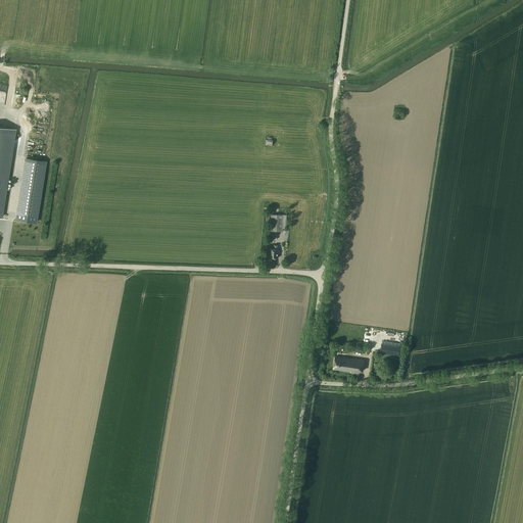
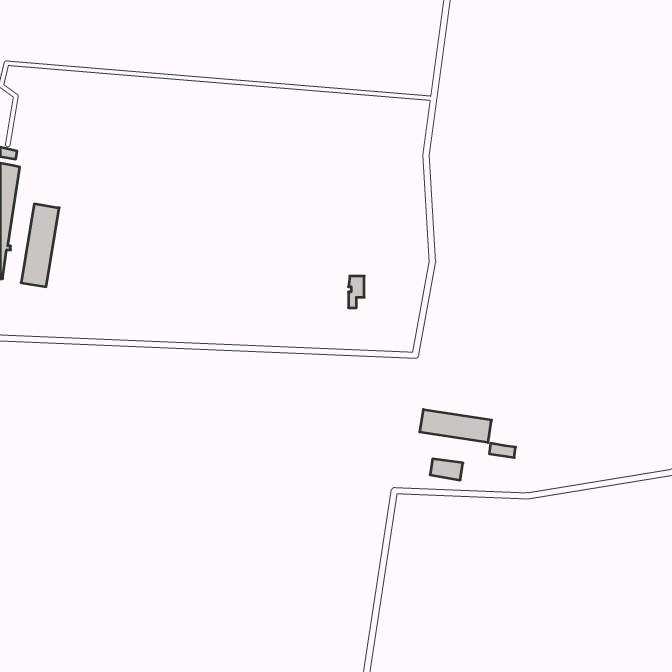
building: none -> [420,409,492,443]

